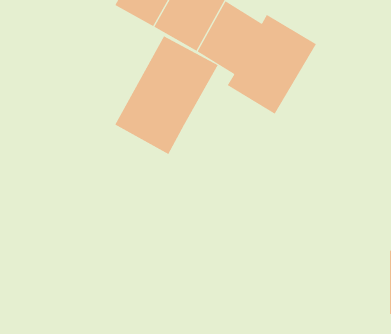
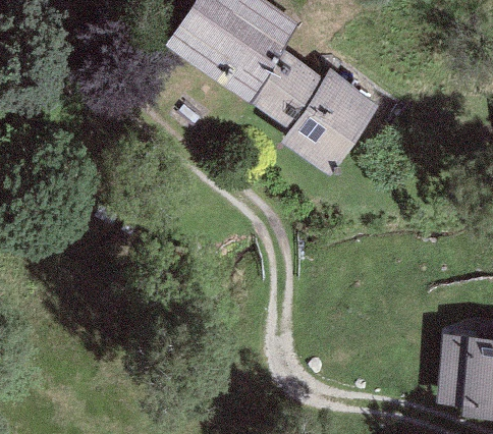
building: [115,35,219,155] -> none

